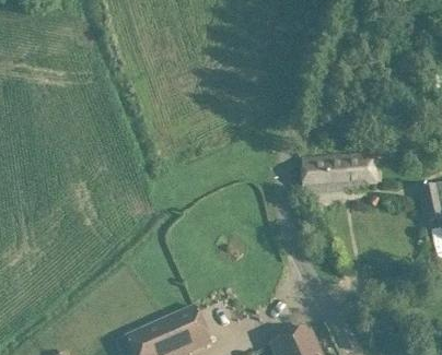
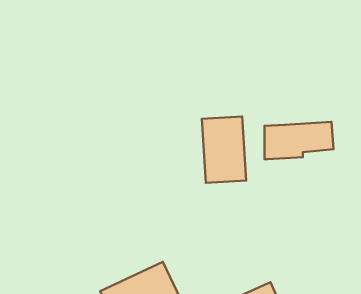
building: none -> [202,117,246,183]

